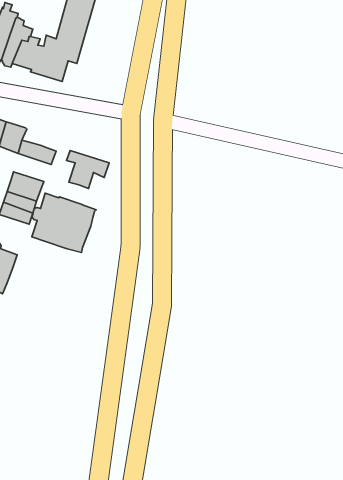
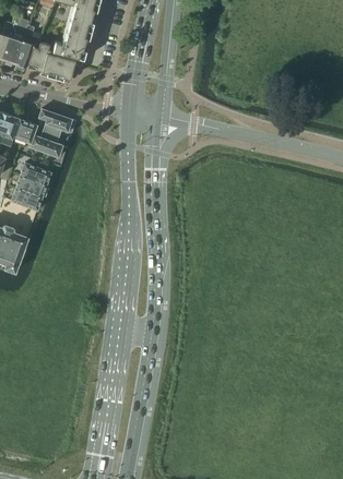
building: [67,151,109,188] -> [38,108,76,142]
building: [32,193,96,253] -> none

